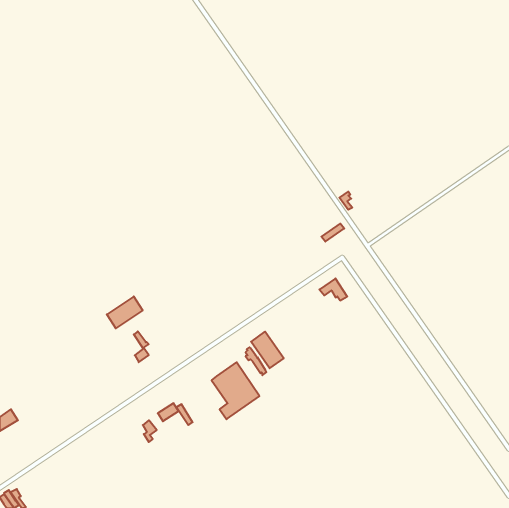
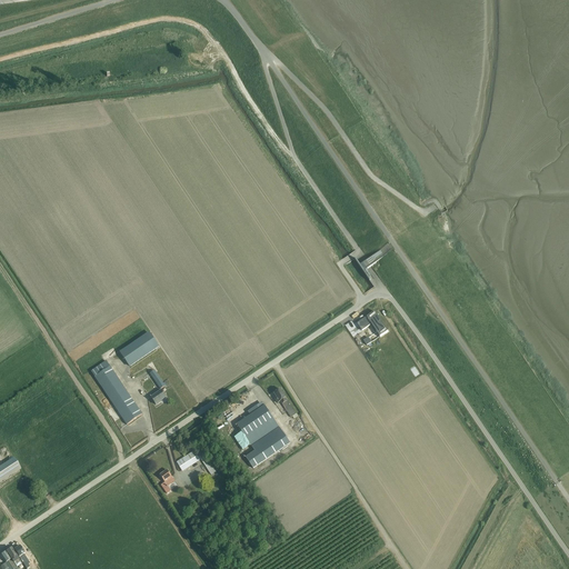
building: none -> [90,359,141,423]
building: [251,332,284,368] -> none

